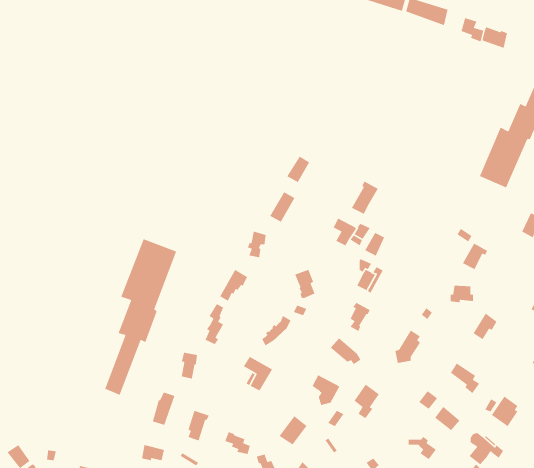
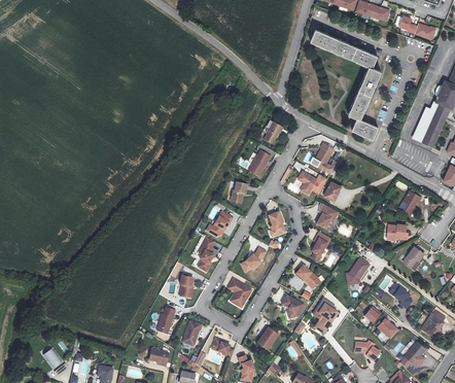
building: none -> [305,29,376,137]
building: [104,238,177,396] -> none

